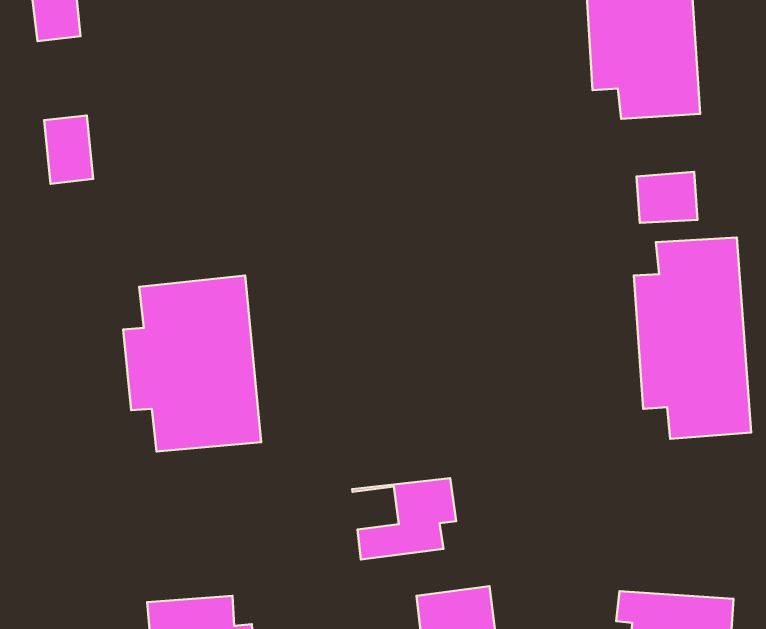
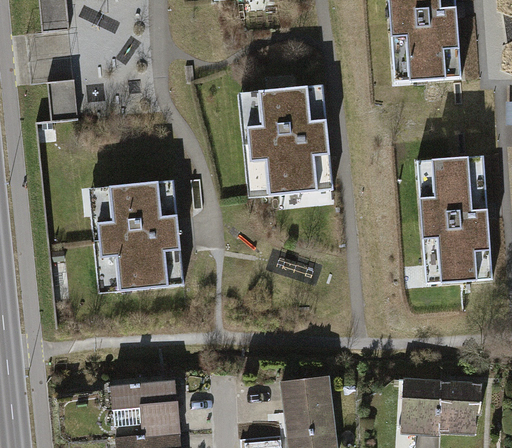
building: none -> [242,84,332,196]
building: [637,172,698,223] -> none
building: [352,478,456,559] -> none

